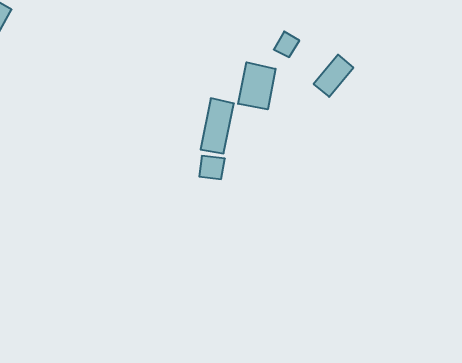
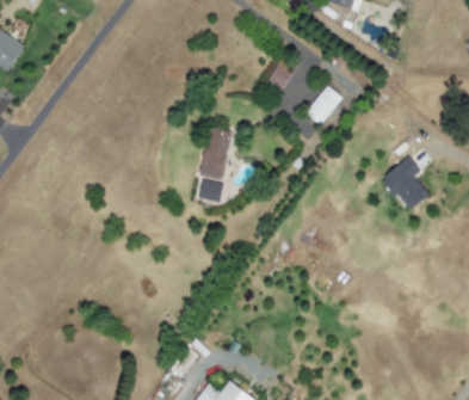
building: [238,62,276,109] -> none
building: none -> [382,156,430,211]

